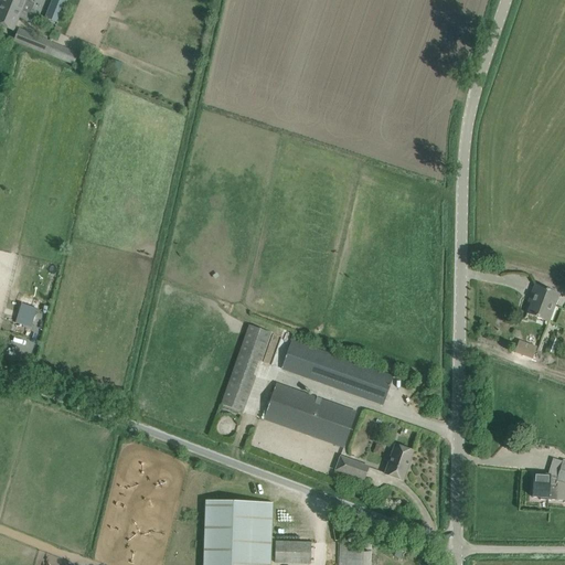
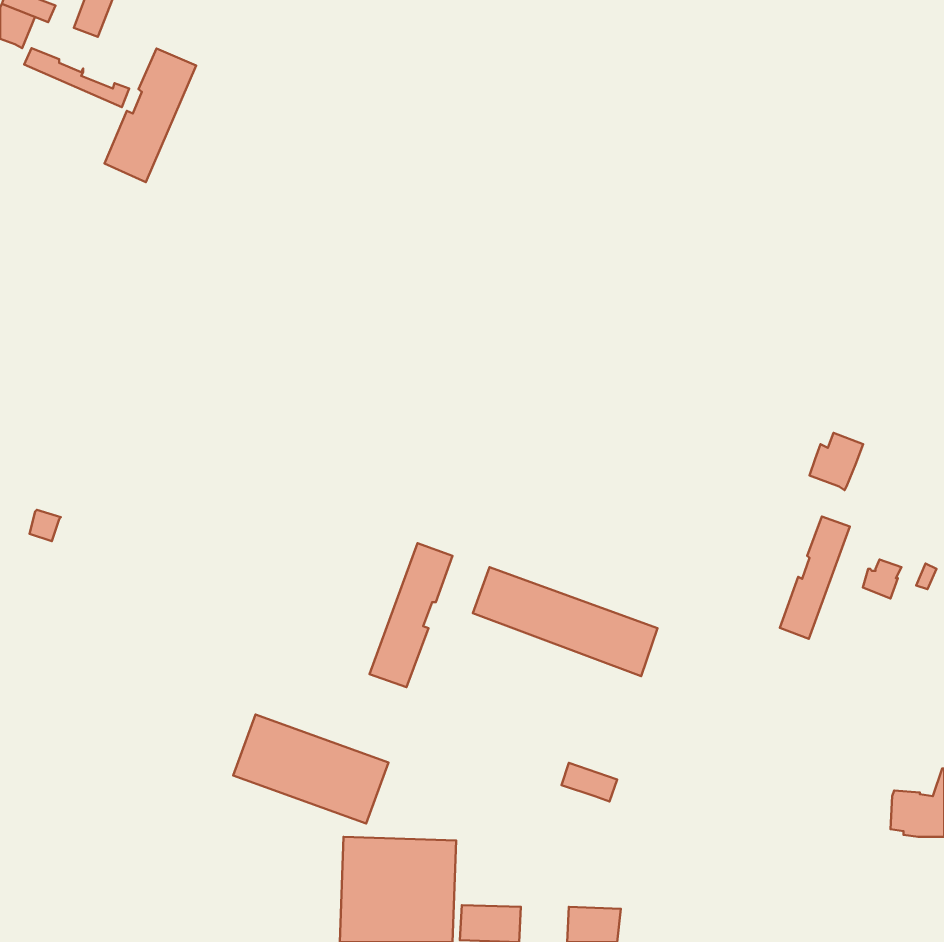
building: none -> [104,48,196,182]
building: [527,287,559,321] -> [809,433,863,490]
building: none -> [780,517,850,639]
building: [264,382,356,447] -> [233,715,388,824]
building: [385,444,413,479] -> none

